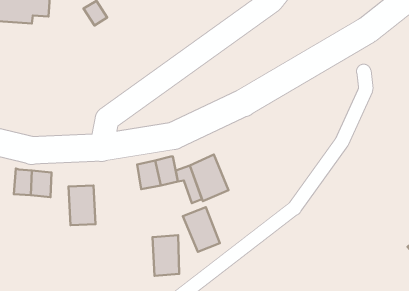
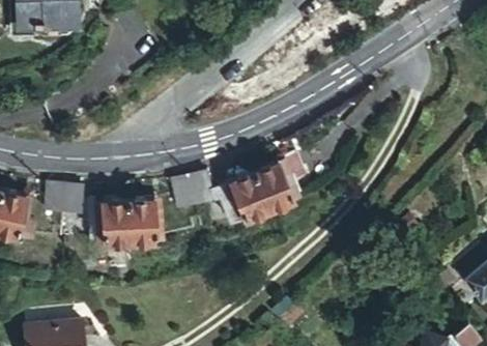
building: [183,207,220,252] -> [254,160,292,206]
building: [152,235,179,276] -> [128,199,156,241]

